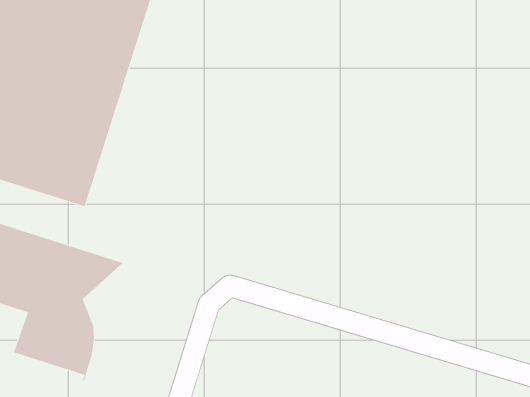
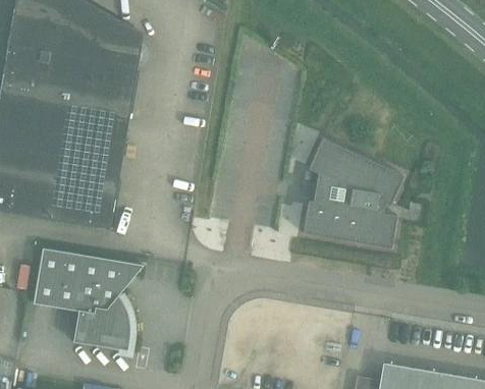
building: none -> [303,140,403,249]

